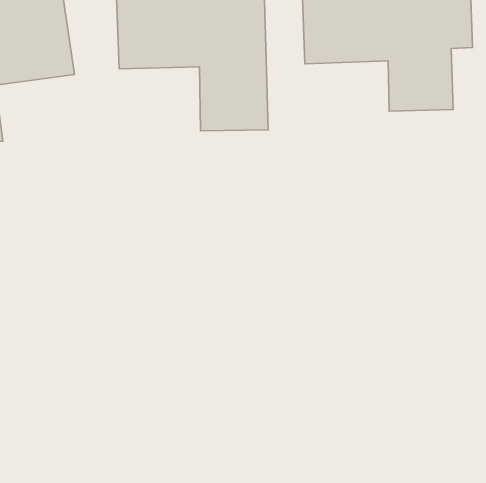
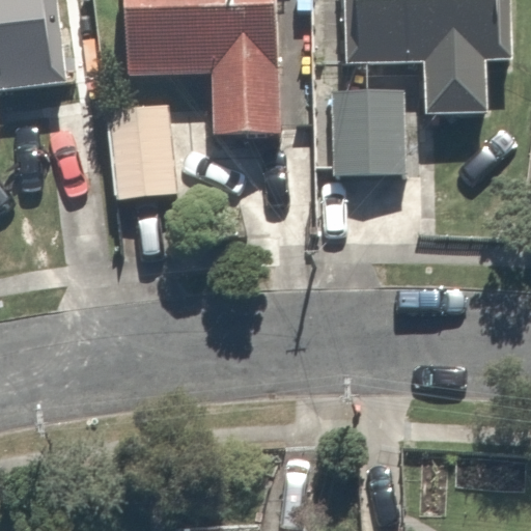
building: none -> [319,83,404,175]
building: none -> [102,84,183,194]

